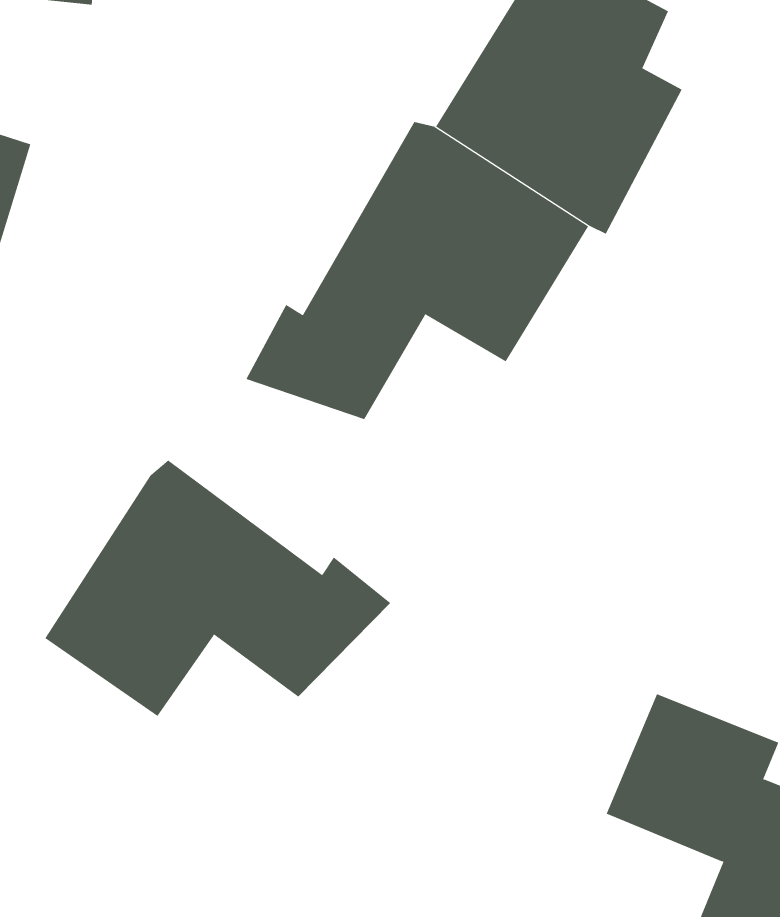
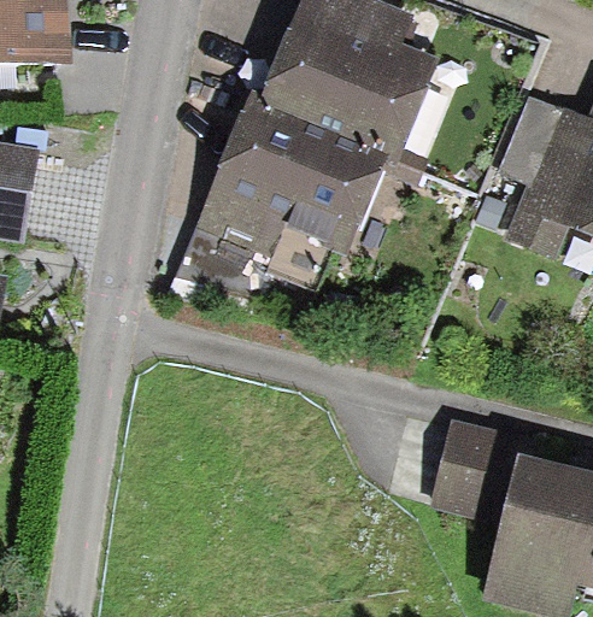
building: [45,460,391,717] -> none

